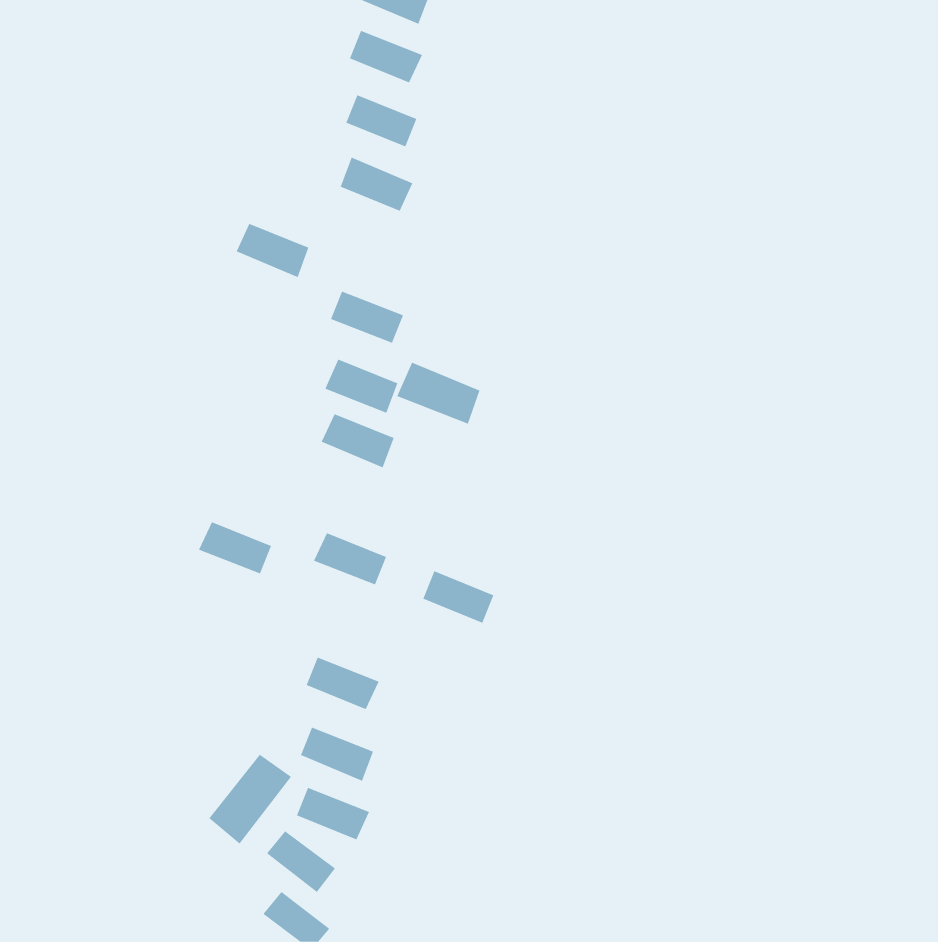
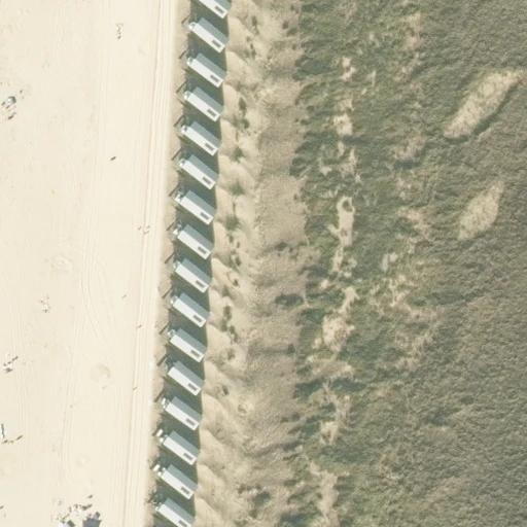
building: [236,223,309,278] -> [182,121,222,151]
building: [397,362,480,425] -> none
building: [198,521,272,574] -> [173,258,213,287]
building: [422,571,494,623] -> [169,326,208,355]
building: [208,754,292,845] -> none

